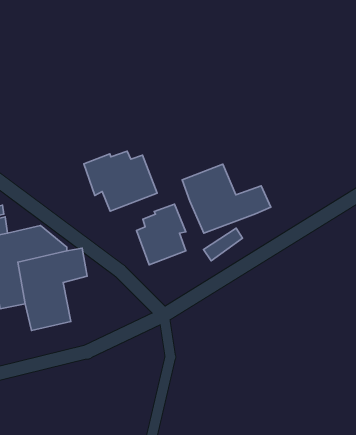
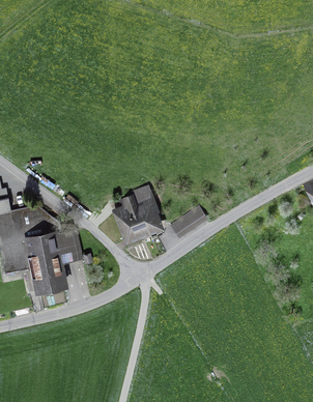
building: [84,151,157,211] -> none
building: [182,164,271,233] -> none

